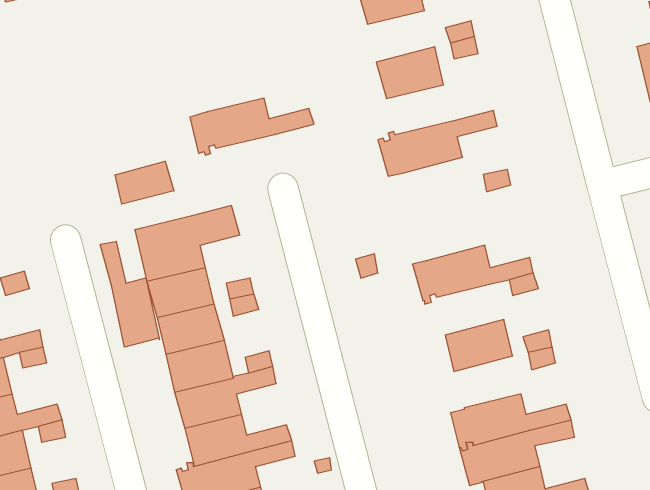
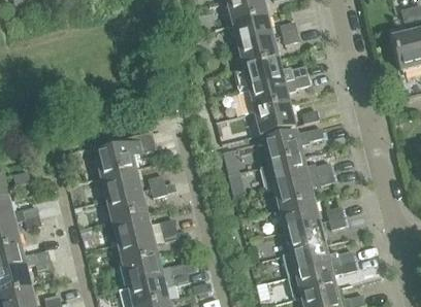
building: none -> [233,14,273,45]
building: [190,98,314,155] -> [234,59,309,93]
building: none -> [255,102,295,134]
building: [115,161,174,204] -> none
building: none -> [263,127,324,164]
building: [100,241,160,347] -> none
building: none -> [270,177,315,208]
building: none -> [285,220,325,251]

